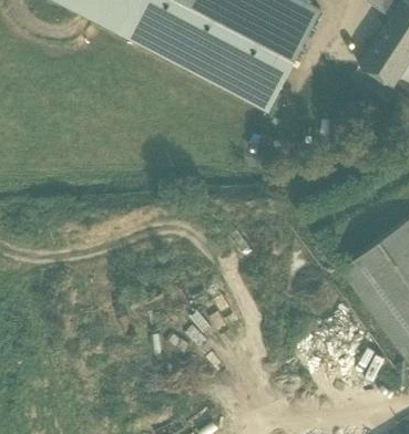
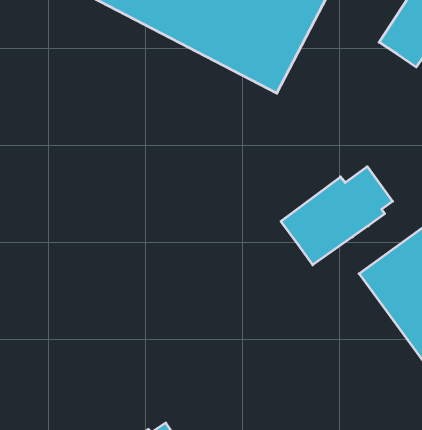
building: none -> [281,167,393,265]

